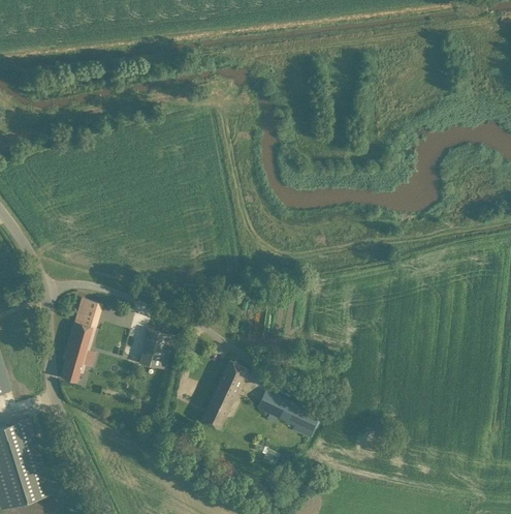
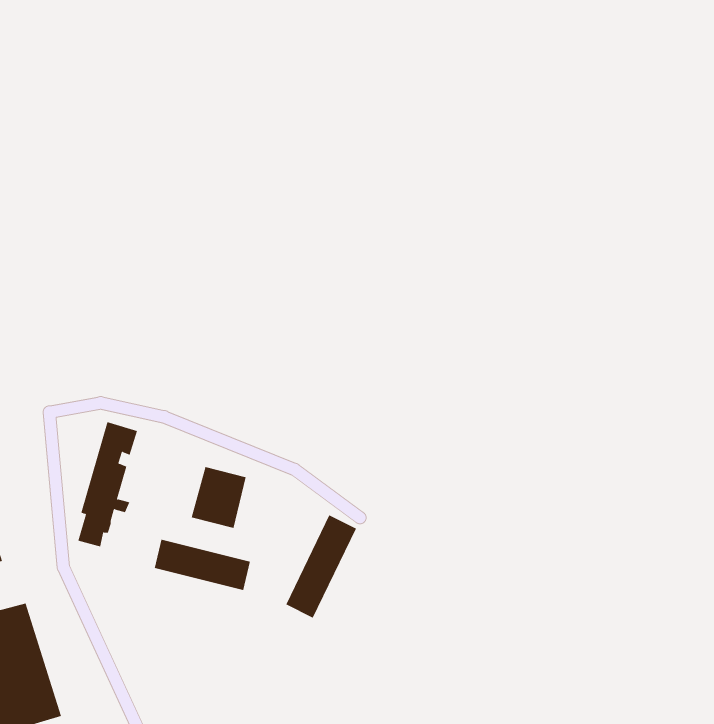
building: none -> [154,539,251,591]
building: [257,390,319,437] -> none

